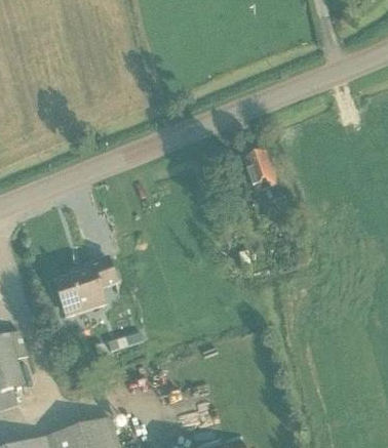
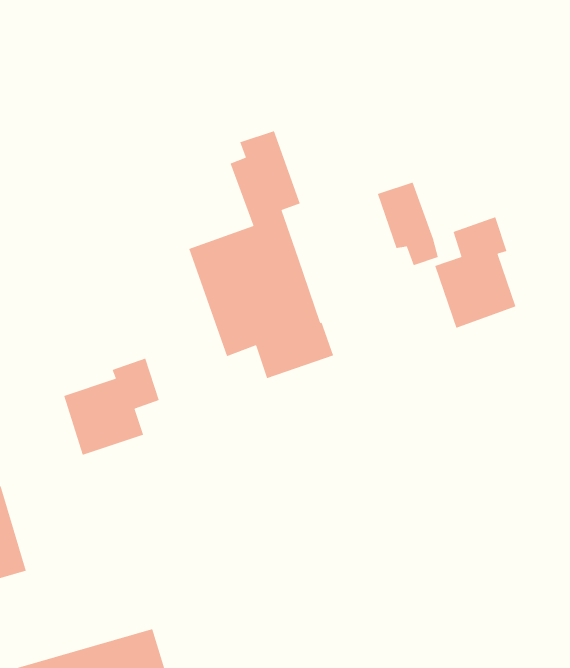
building: none -> [188,130,334,379]
building: none -> [434,216,517,329]

